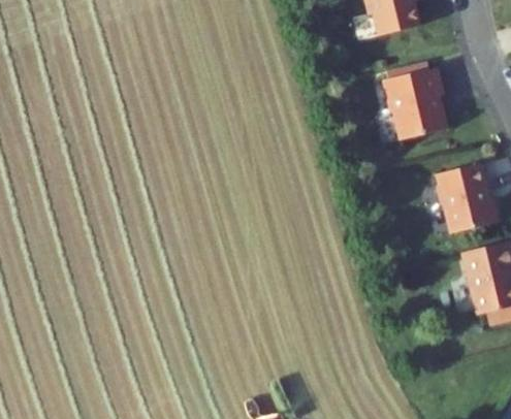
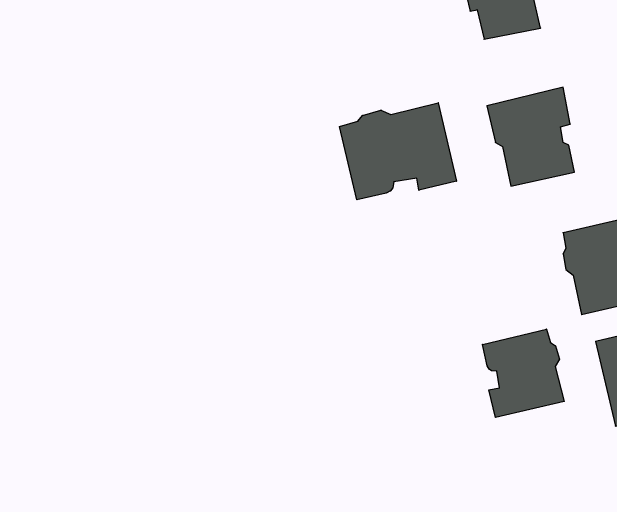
building: none -> [339,103,456,200]
building: none -> [482,329,564,417]

